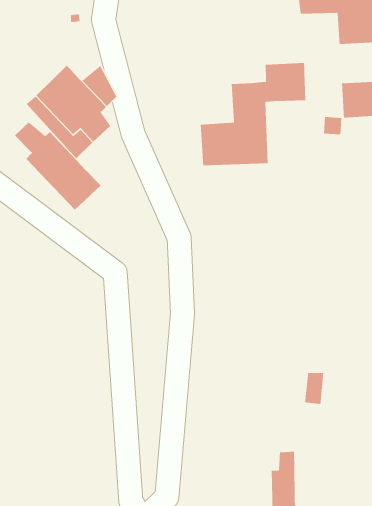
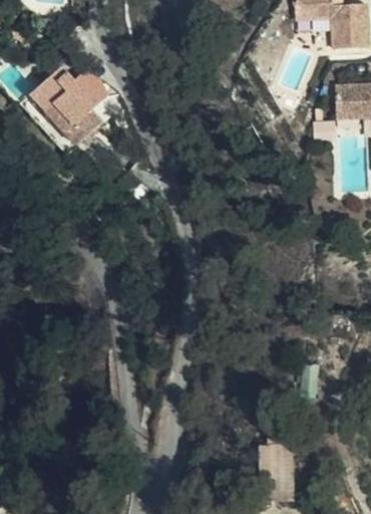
building: [200,62,306,166] -> none
building: [14,121,102,210] -> none

